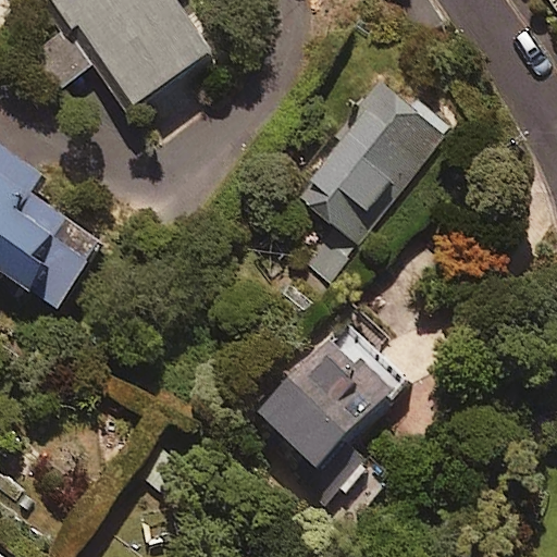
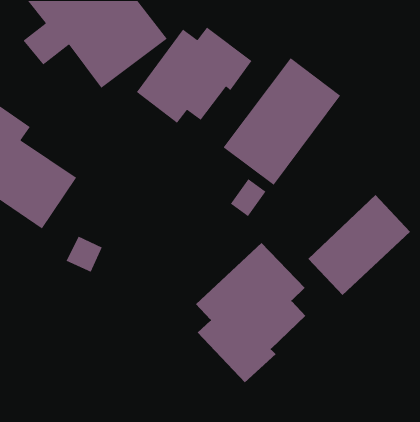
building: none -> [136,26,253,124]
building: none -> [307,194,411,296]

